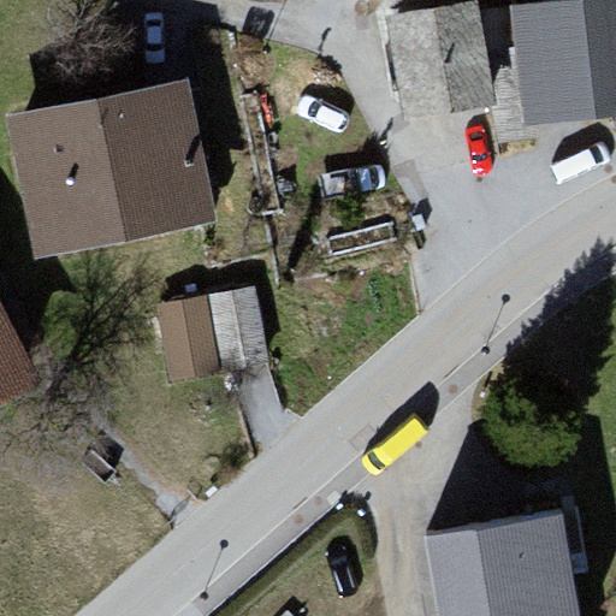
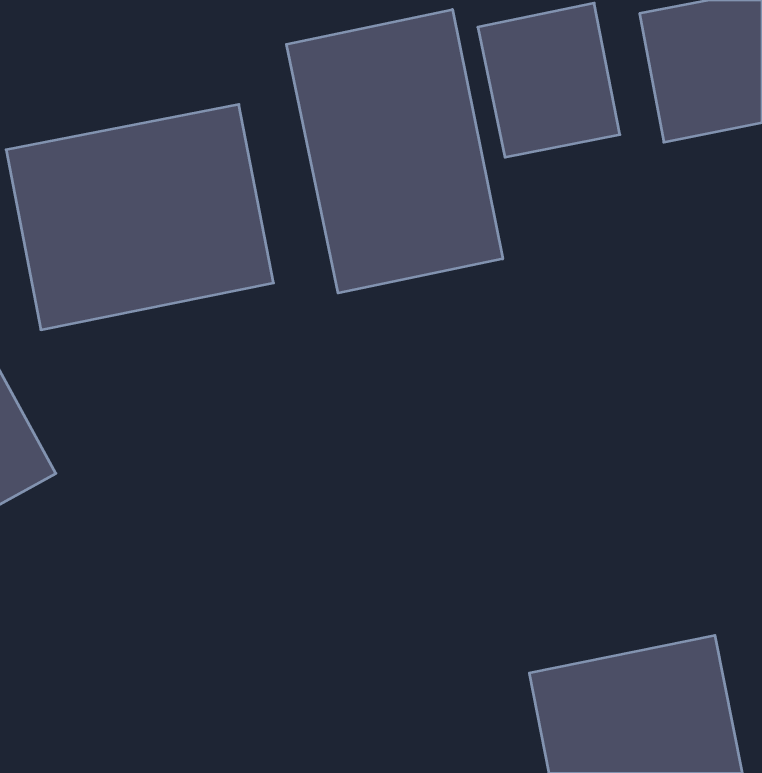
building: none -> [286,9,503,293]
building: [149,274,268,374] -> none

